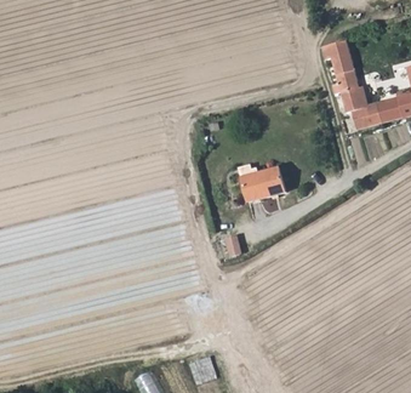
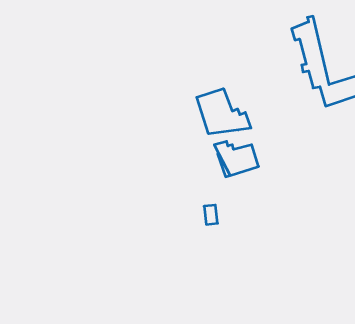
building: none -> [197,89,251,134]

